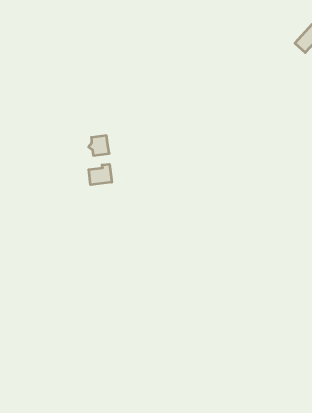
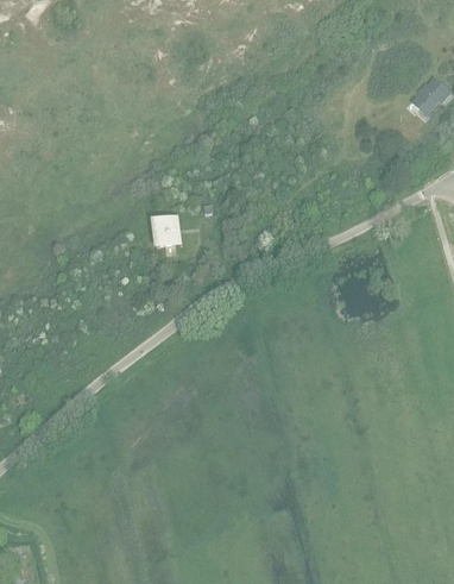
building: [89,164,112,185] -> none

